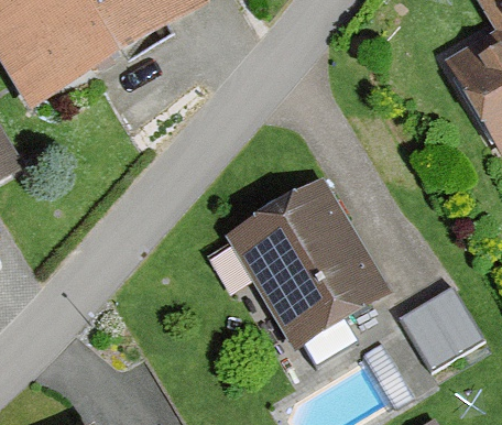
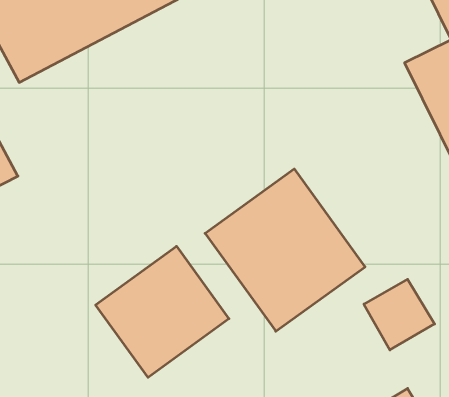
building: none -> [96,246,229,377]

